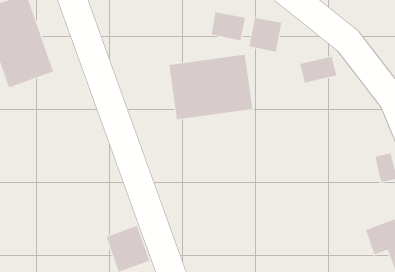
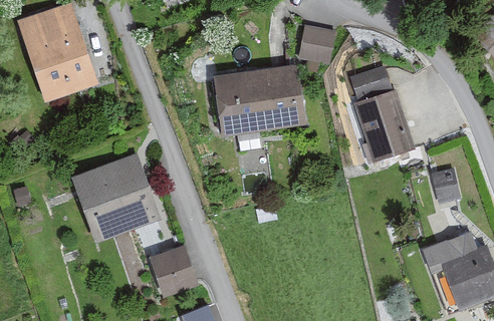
building: [211,12,246,41] -> none
building: none -> [355,93,412,159]
building: none -> [72,152,159,240]

